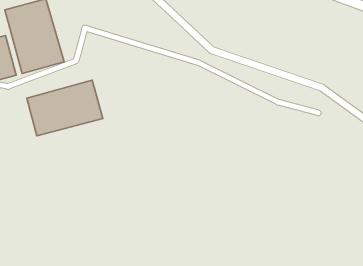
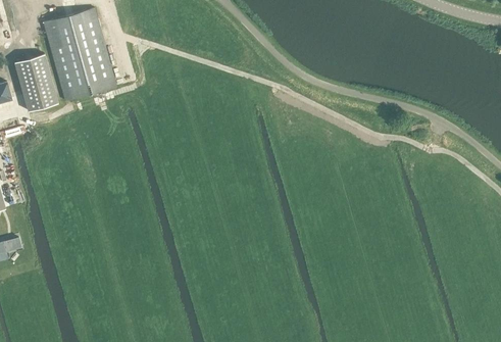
building: [27,80,103,136] -> none

